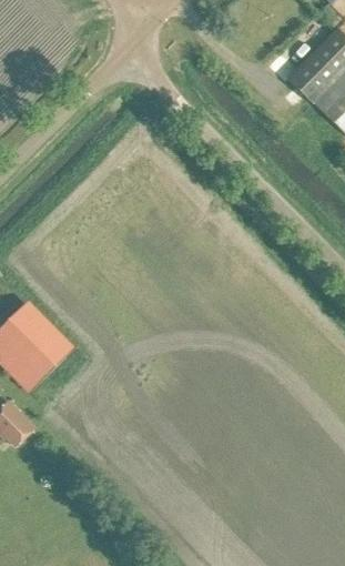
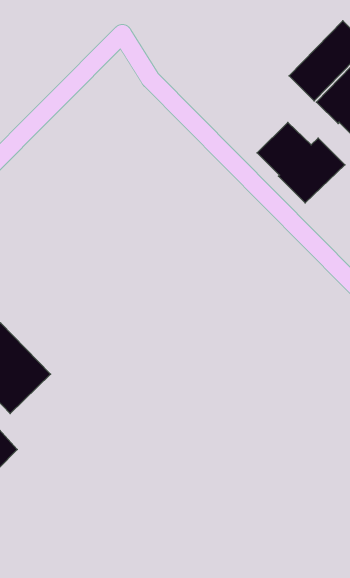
building: none -> [257,122,345,203]

